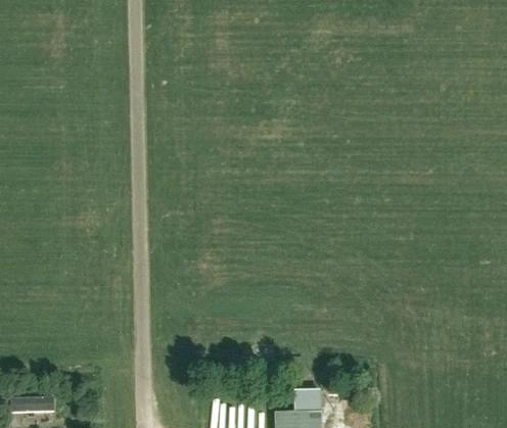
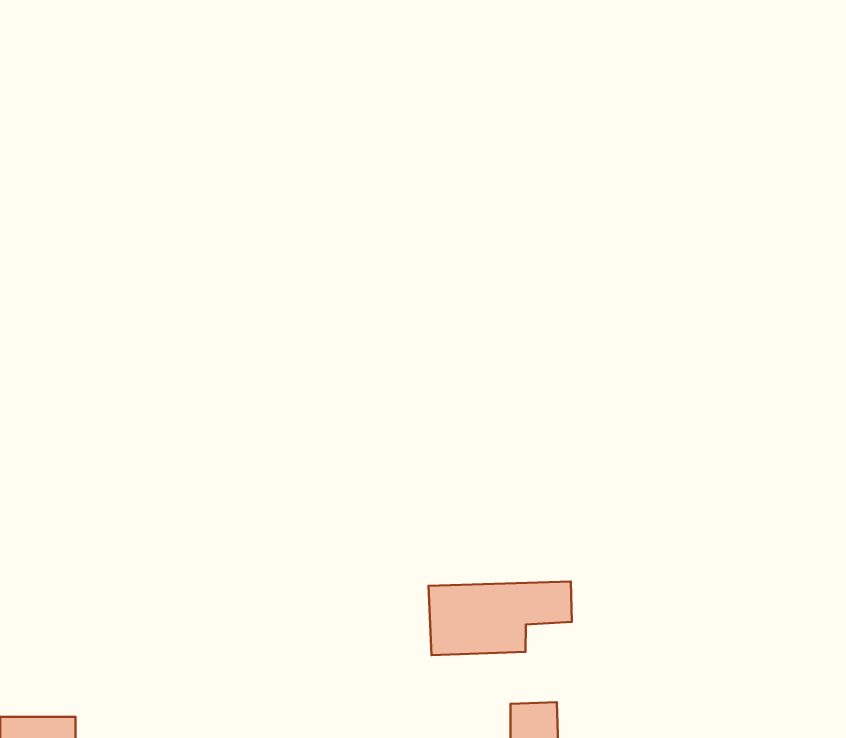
building: none -> [429,582,572,655]

